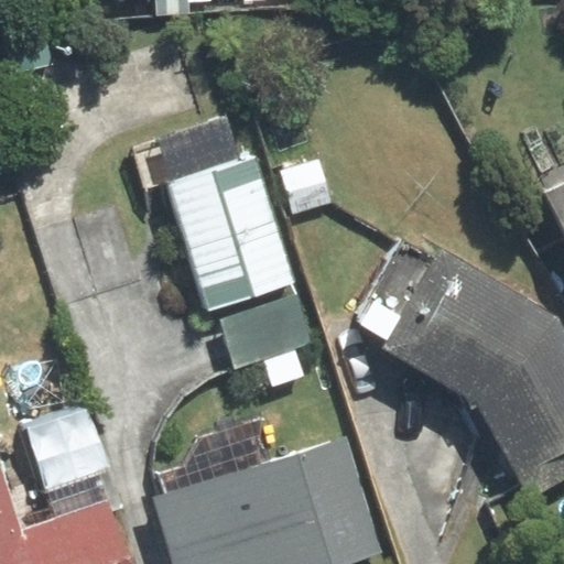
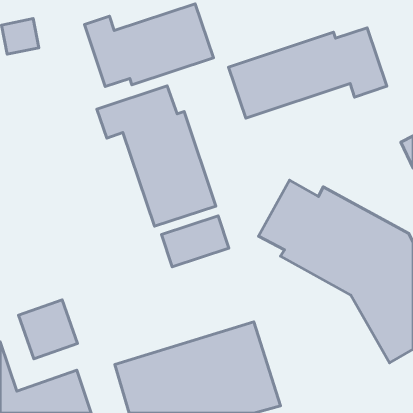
building: none -> [85,4,213,87]
building: none -> [228,28,387,118]

